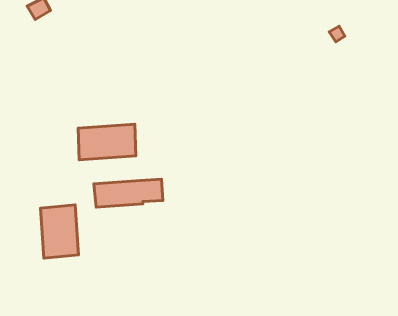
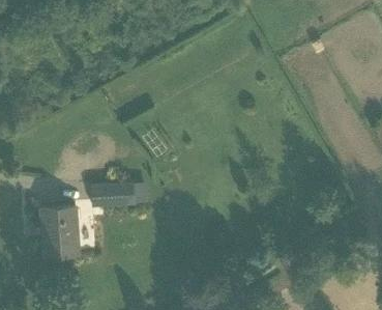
building: [78,124,136,160] -> none

